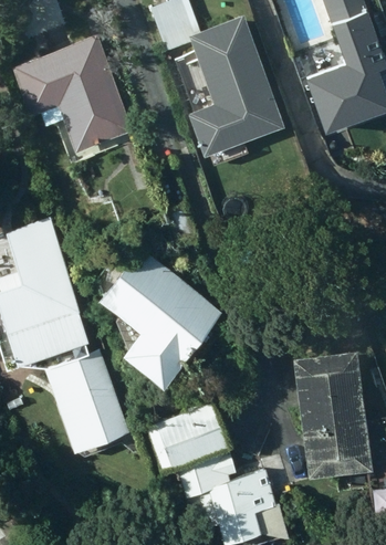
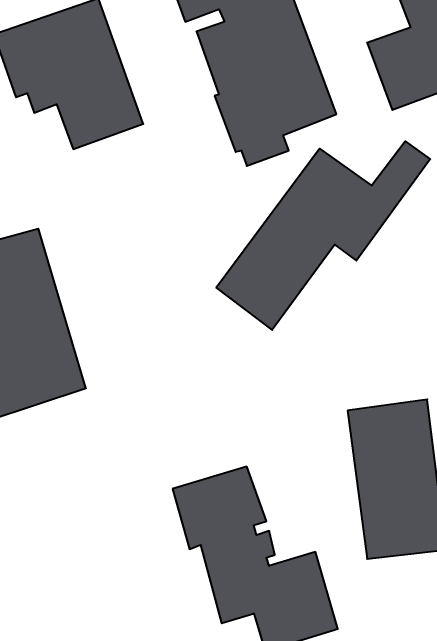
building: none -> [216,141,430,330]
building: [96,251,222,387] -> none
building: [46,350,129,455] -> none

